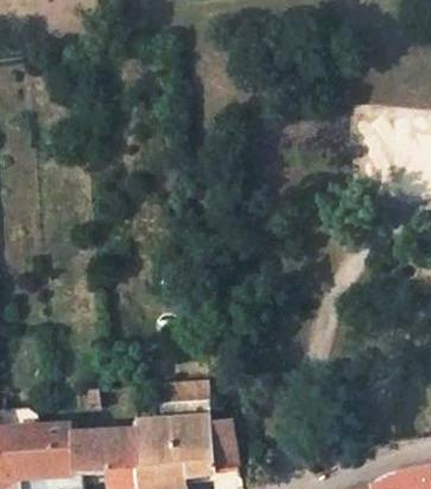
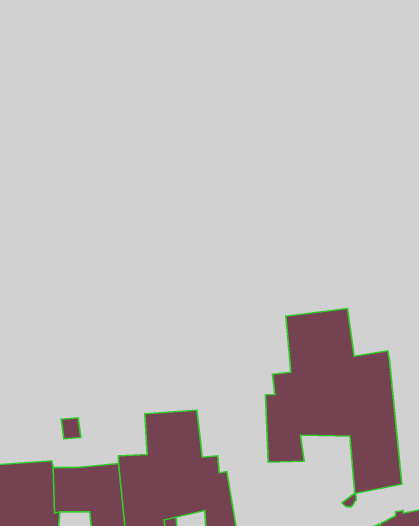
building: none -> [266,308,402,494]

